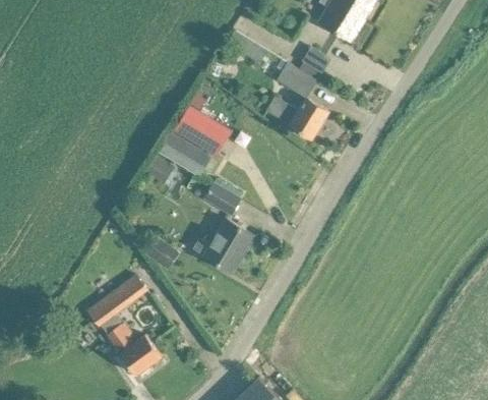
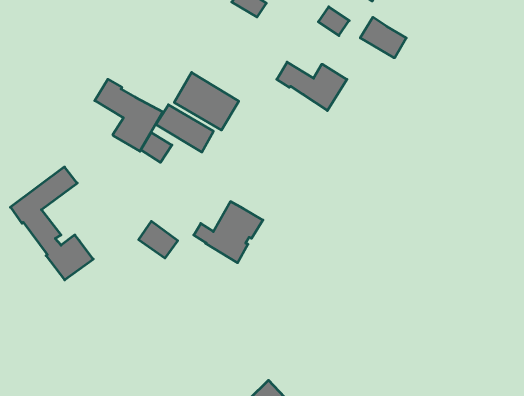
building: [277,63,317,99] -> [360,17,406,58]
building: none -> [95,79,163,151]
building: [204,184,240,215] -> none
building: [88,276,162,376] -> [10,167,93,280]

